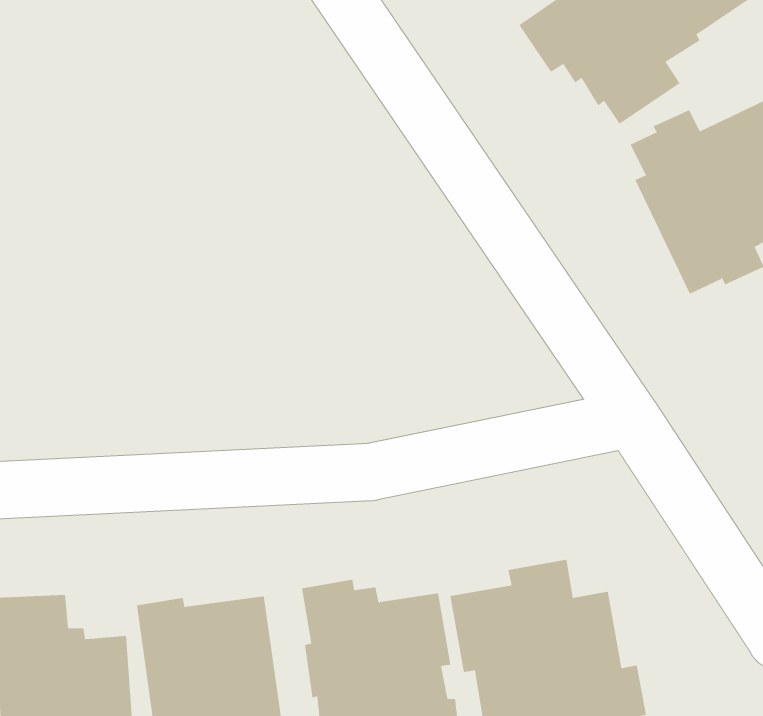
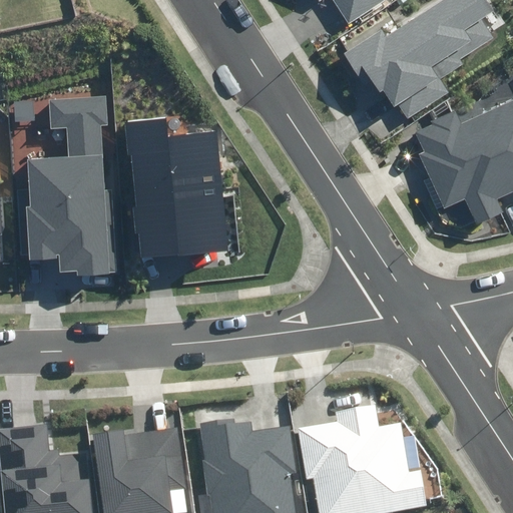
building: none -> [16,96,118,276]
building: none -> [125,120,229,258]

